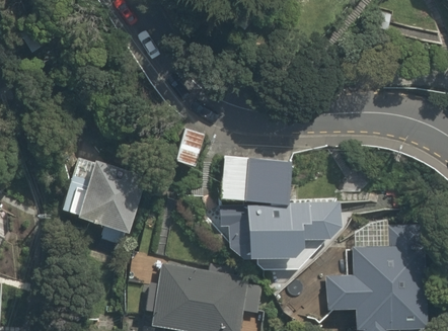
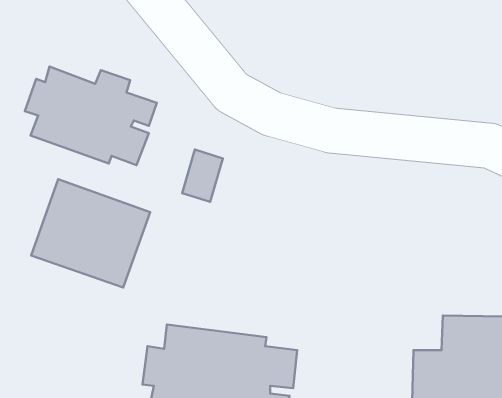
building: none -> [25,67,157,165]
building: [217,152,348,261] -> none

